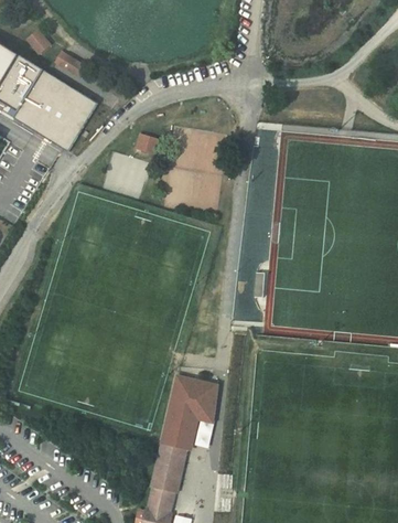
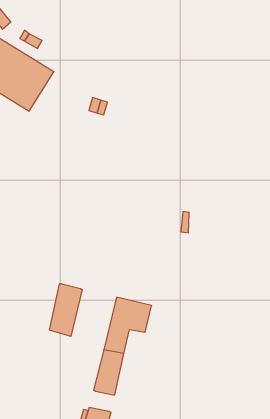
building: none -> [49,284,82,336]
building: [146,488,172,512] -> none

